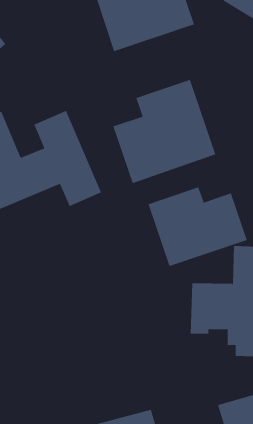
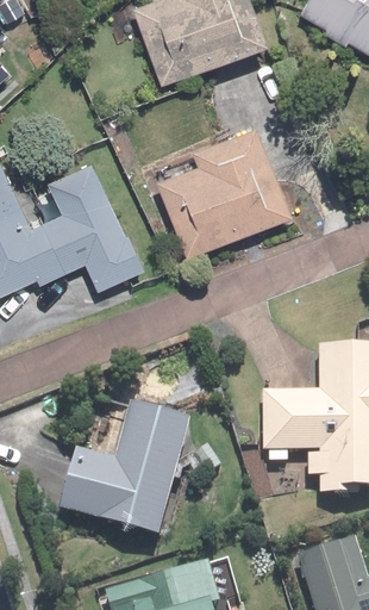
building: [148,186,248,267] -> none
building: none -> [60,402,194,540]

